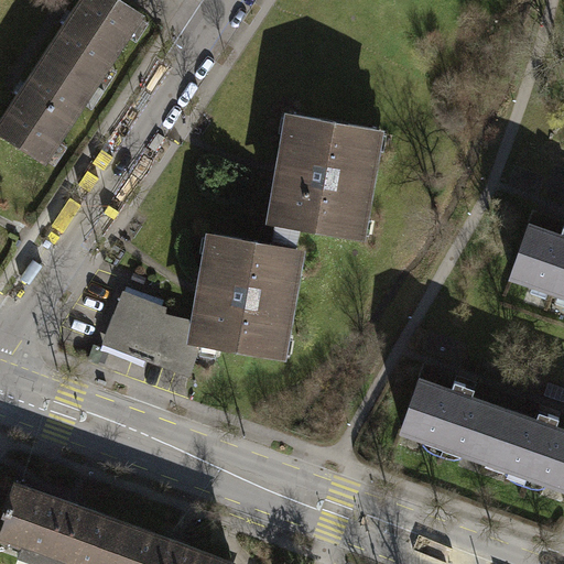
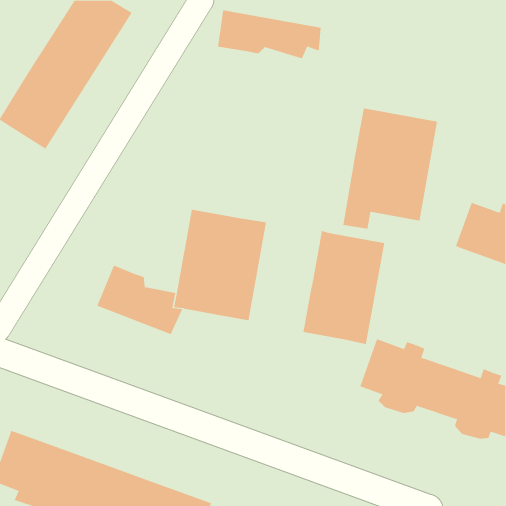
building: none -> [218,9,321,59]
building: [267,115,372,249] -> [342,108,438,229]
building: none -> [303,230,385,345]

